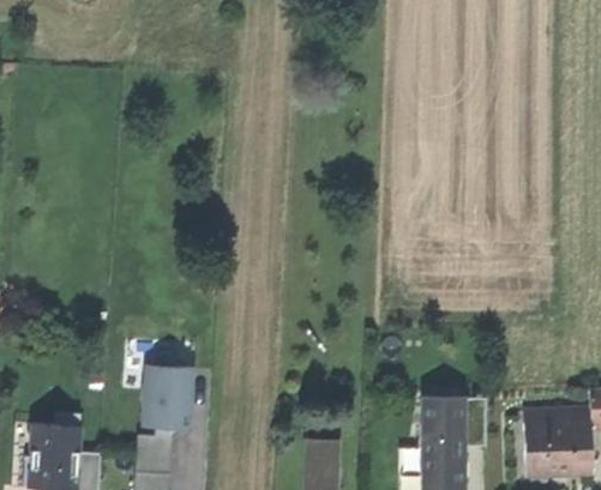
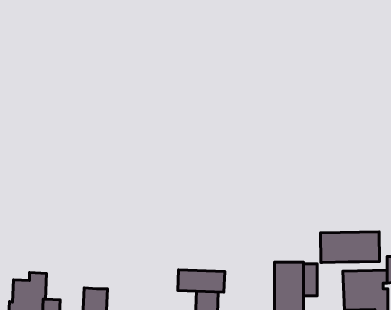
building: none -> [320,232,380,262]
building: [139,367,192,430] -> none
building: none -> [178,270,225,292]

